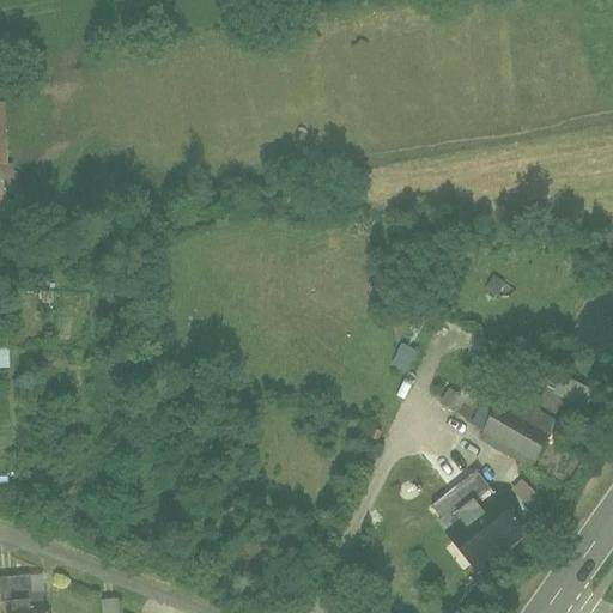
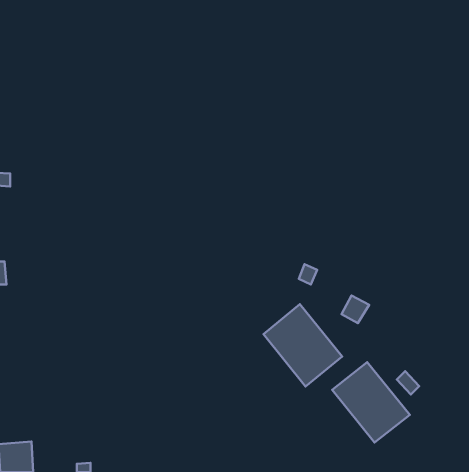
building: [474,390,551,462] -> none
building: none -> [263,304,342,386]

